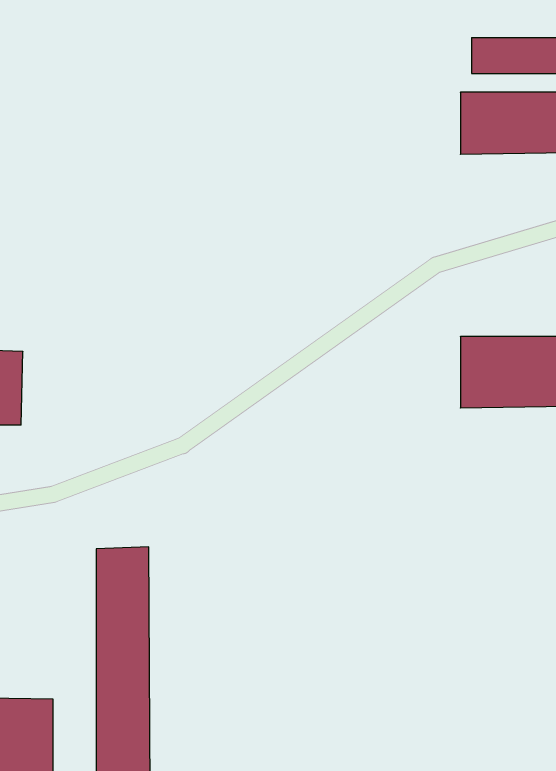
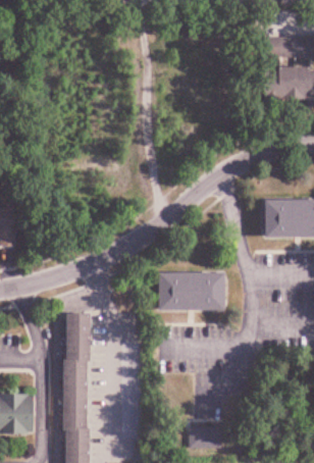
building: none -> [153,272,220,310]

